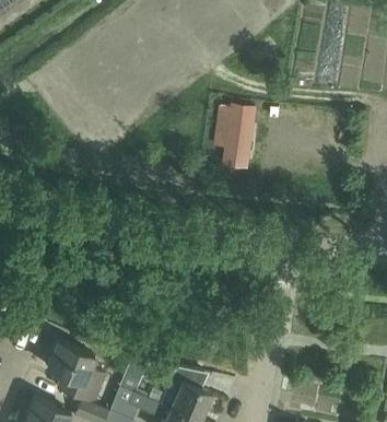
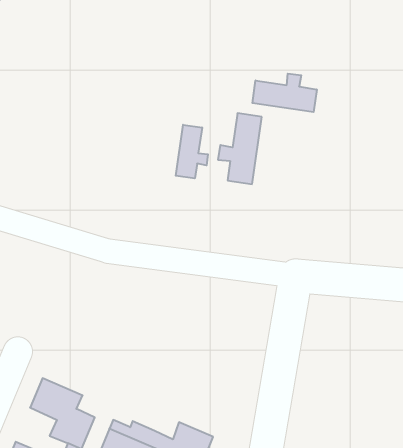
building: none -> [252,74,317,112]
building: none -> [176,125,208,178]

